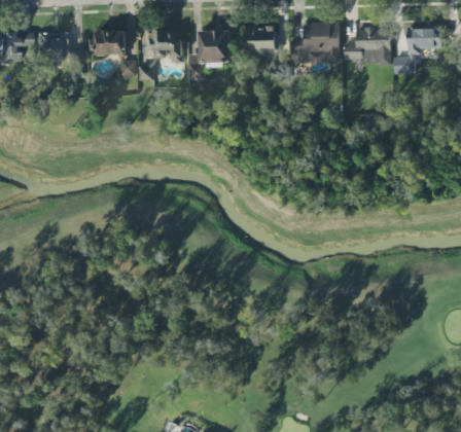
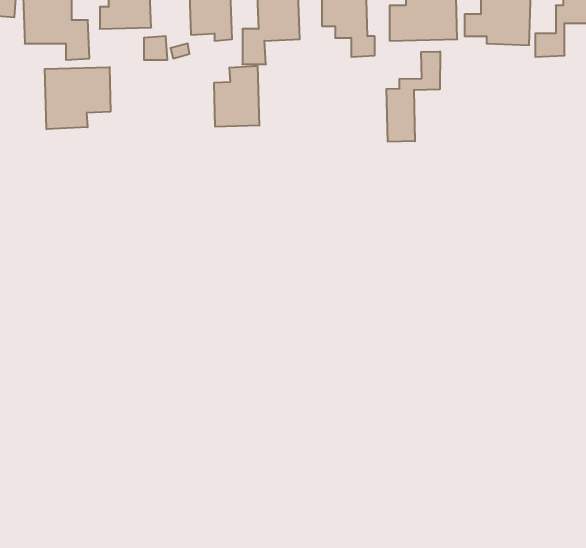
building: none -> [387,51,440,142]
building: none -> [214,66,259,127]
building: none -> [45,67,110,129]

